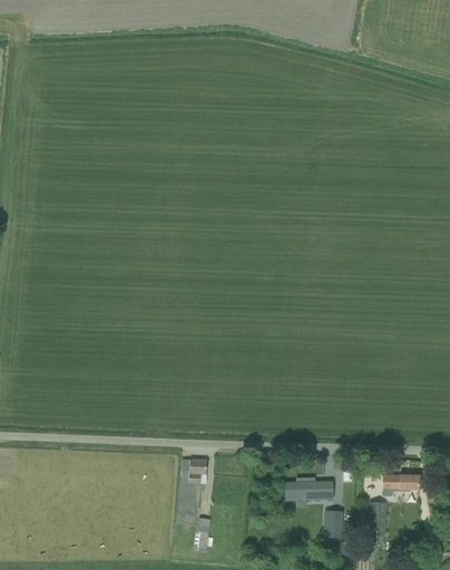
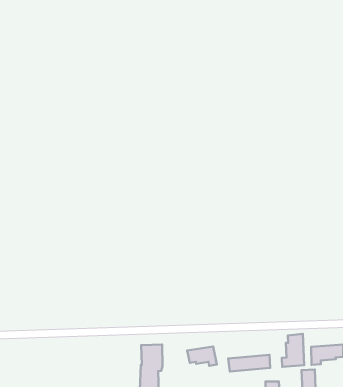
building: none -> [282,334,304,367]
building: none -> [187,346,217,366]

